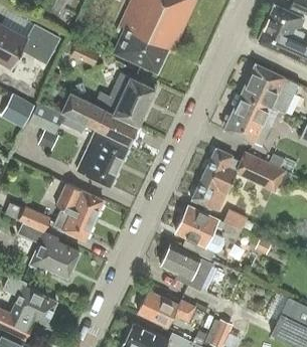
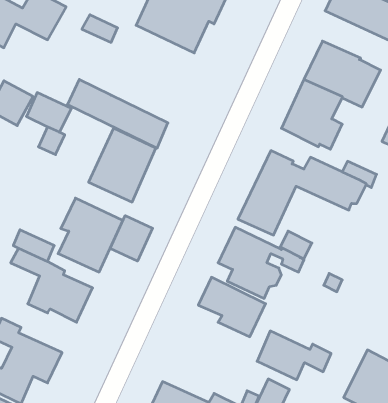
building: [94,72,154,126] -> none
building: none -> [110,216,153,261]
building: [138,290,194,327] -> [257,331,331,380]

